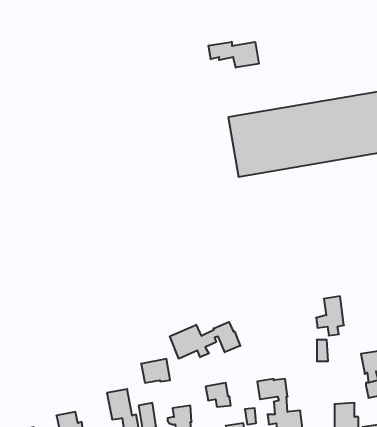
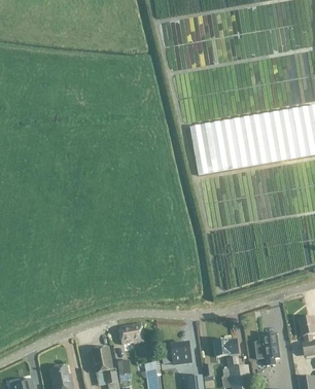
building: [208,42,259,68] -> none
building: [316,296,344,335] -> [256,332,279,364]
building: [170,322,240,359] -> none

